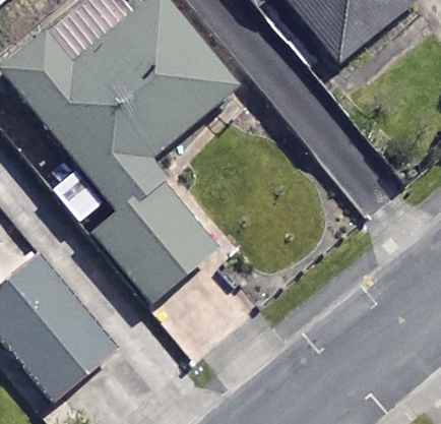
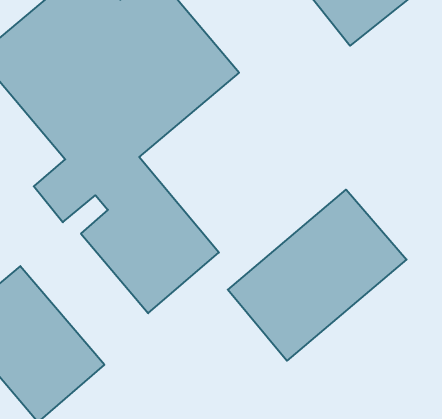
building: none -> [228,190,407,361]

